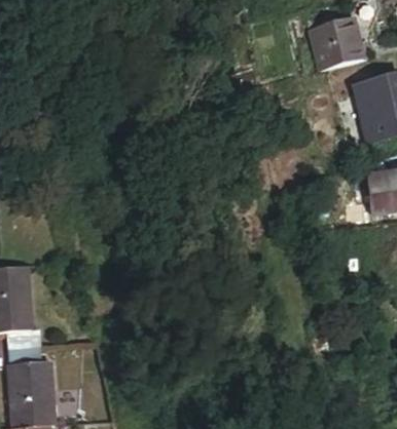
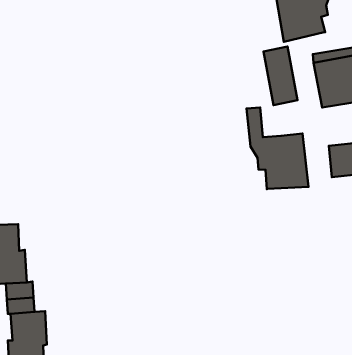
building: none -> [264,46,298,105]
building: none -> [246,107,309,189]

